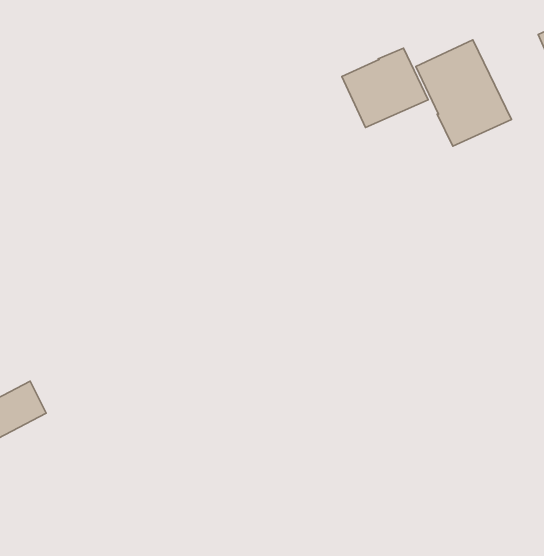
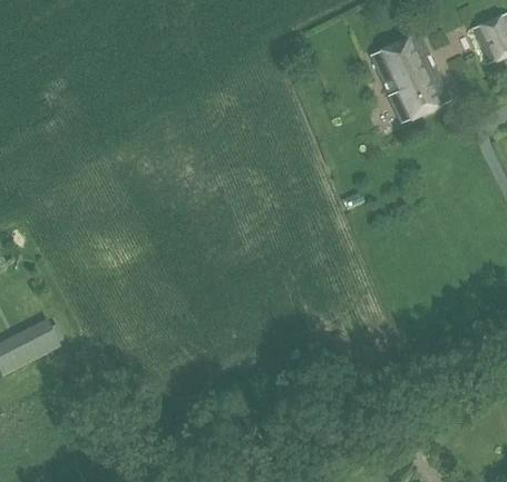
building: [342,48,428,128] -> none

